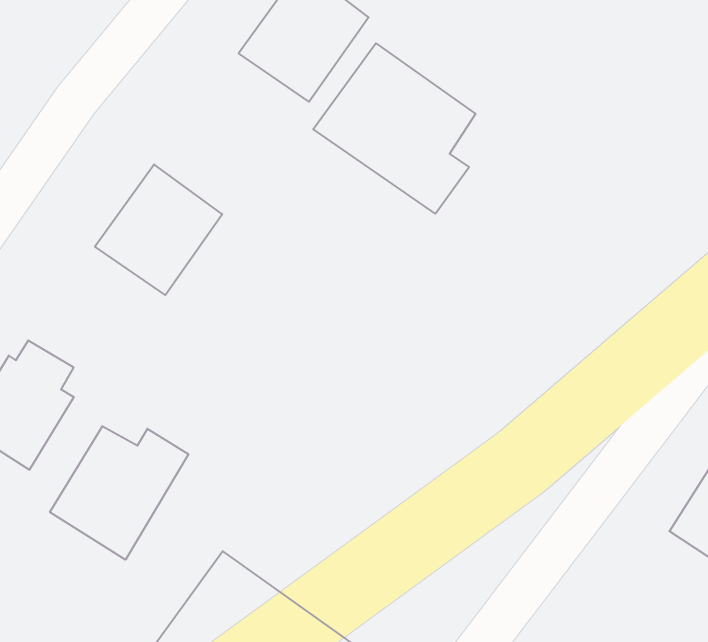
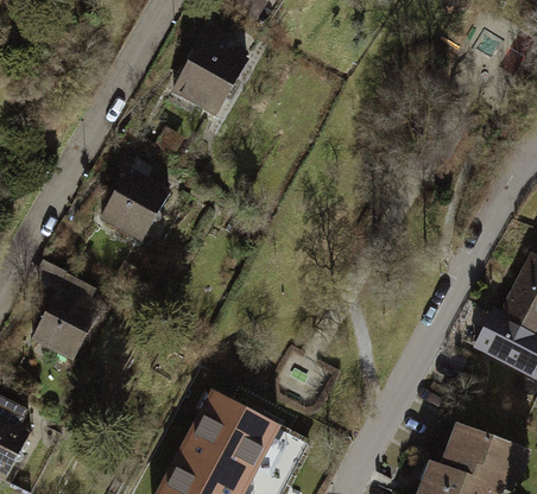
building: [313,43,475,214] -> none
building: [50,426,188,560] -> none

